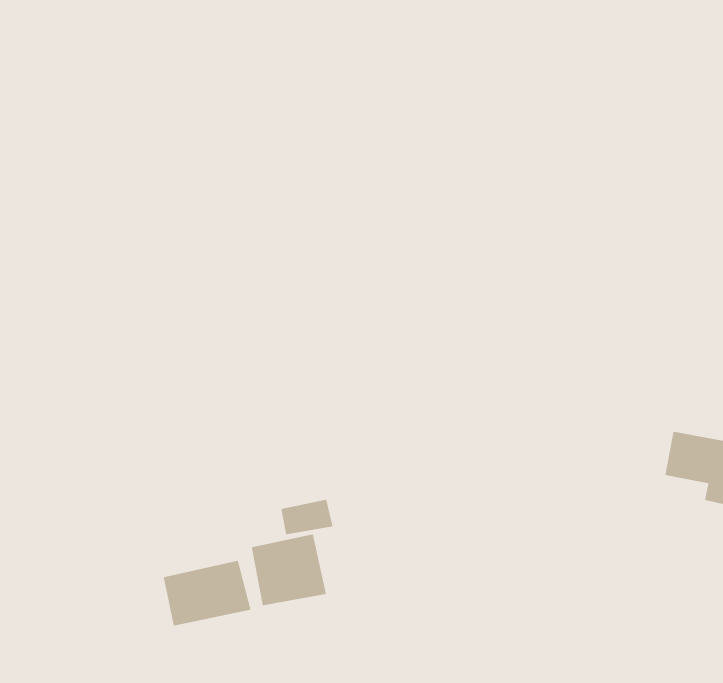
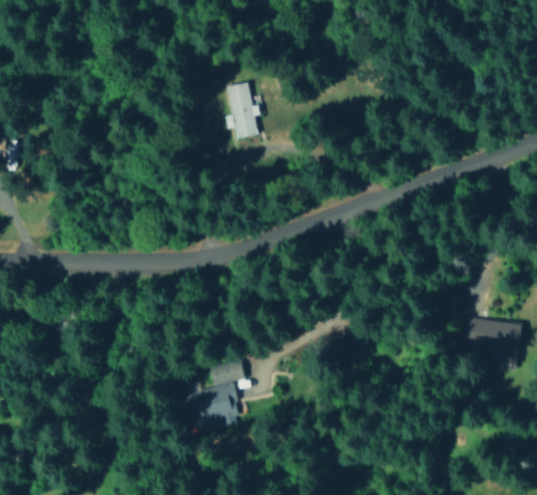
building: none -> [226,81,260,137]
building: [163,560,252,626] -> none

